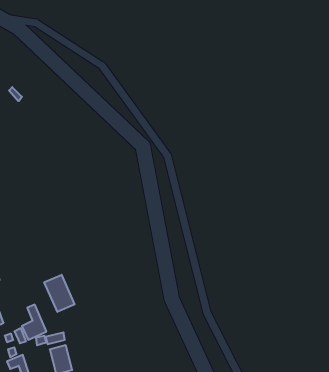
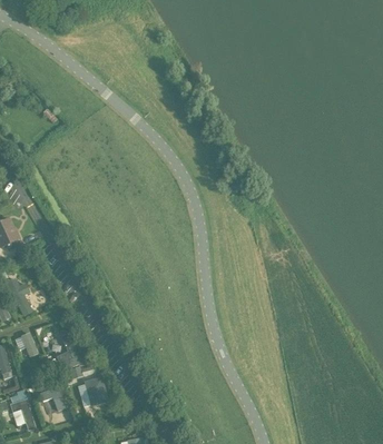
building: [44,275,75,312] -> none

